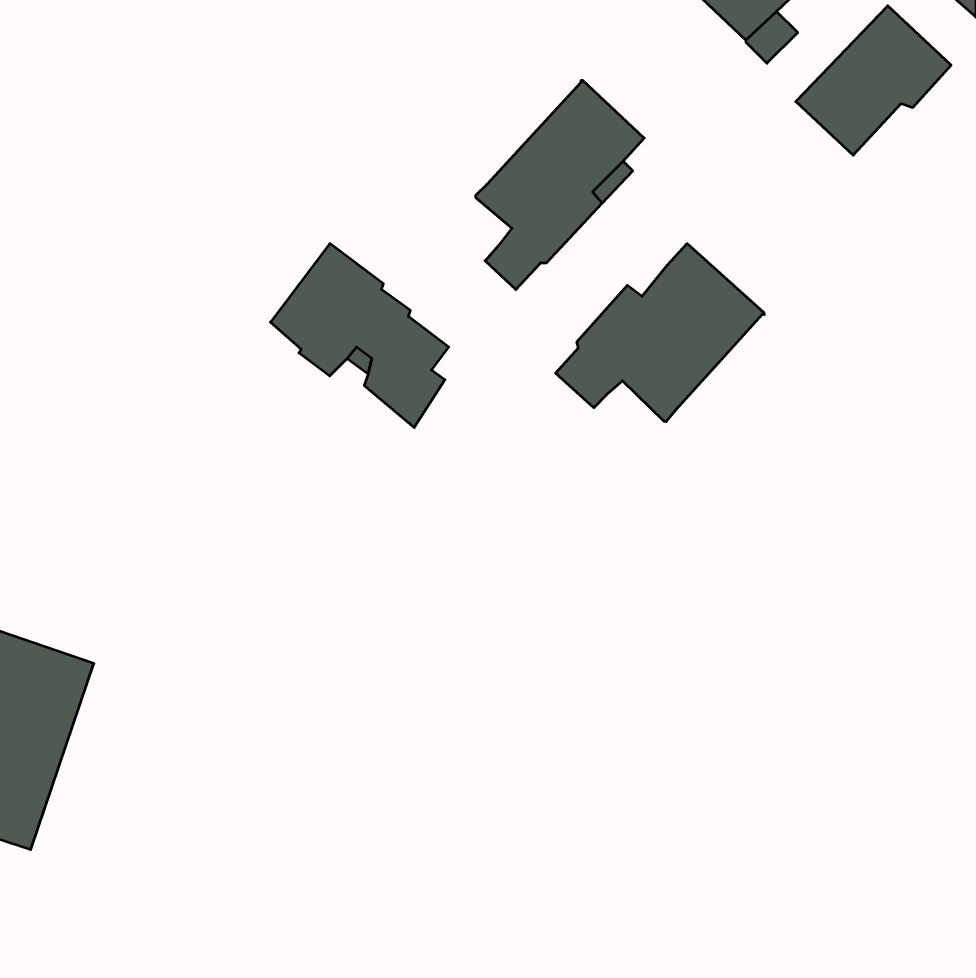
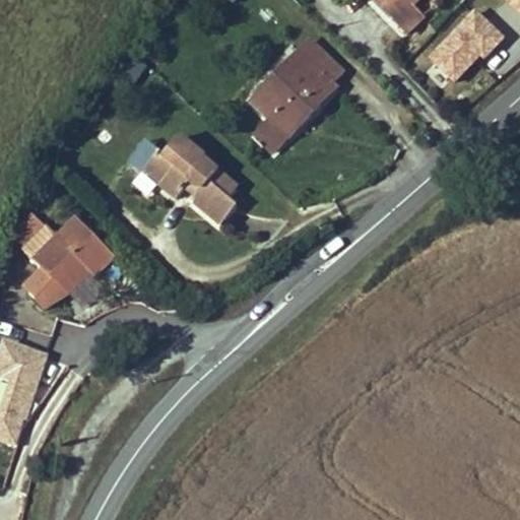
building: [556,244,764,422] -> none
building: none -> [10,212,115,309]

